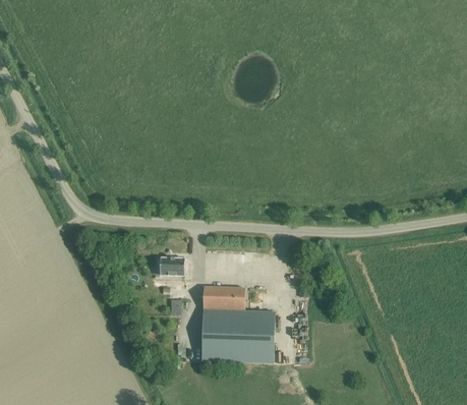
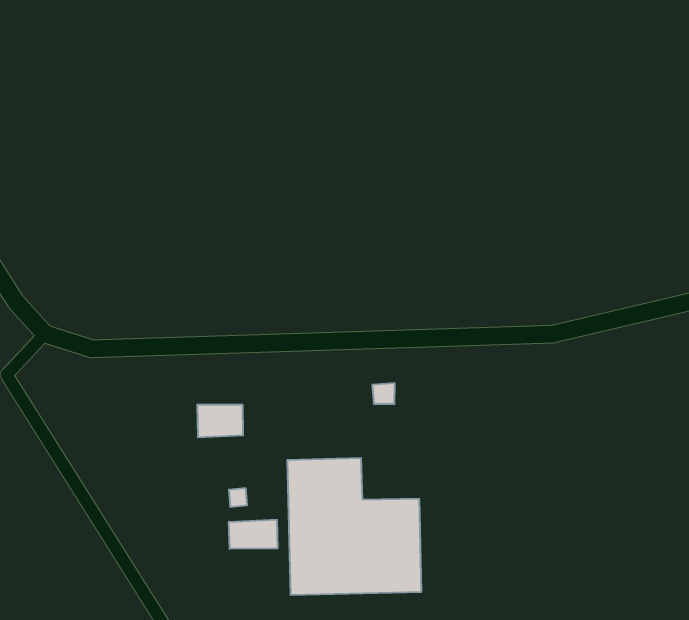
building: none -> [229,520,278,549]

